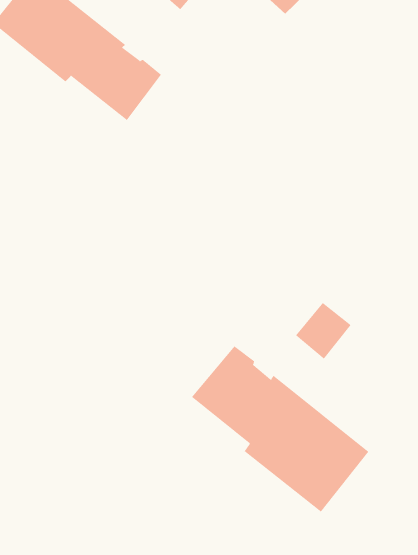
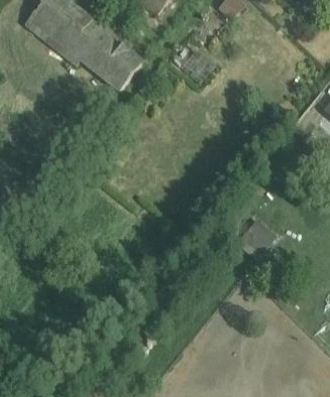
building: [191,346,369,512] -> none

